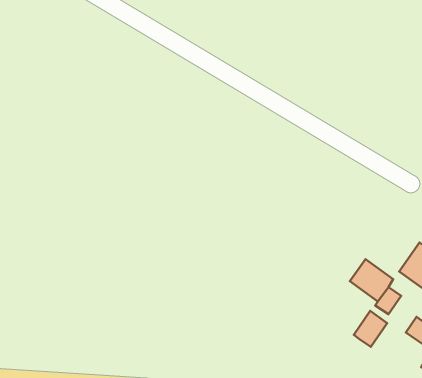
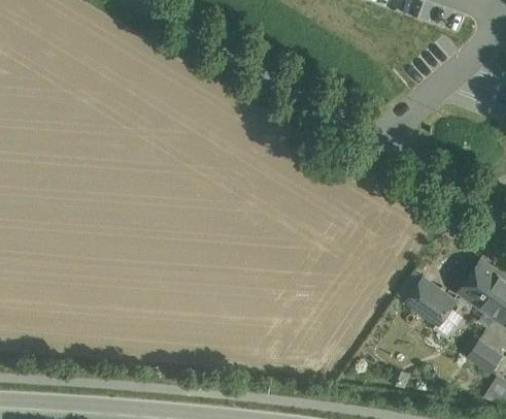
building: [354,311,387,347] -> none

